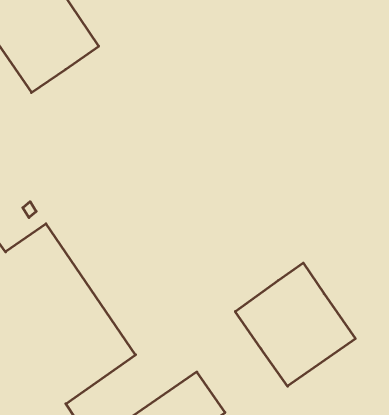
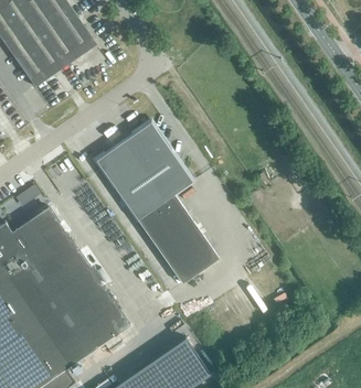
building: none -> [94,121,217,283]
building: [235,263,355,386] -> none

